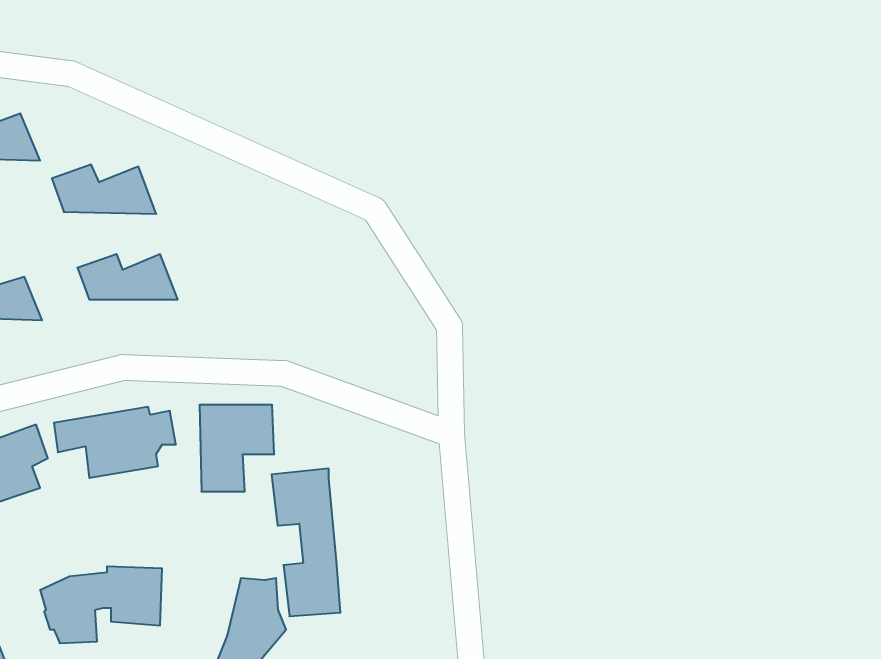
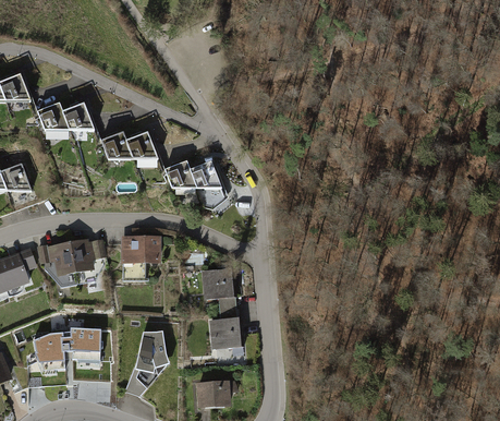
building: [77,254,178,299] -> [102,135,158,160]
building: none -> [164,163,220,190]
building: [272,469,341,616] -> [200,267,239,349]

